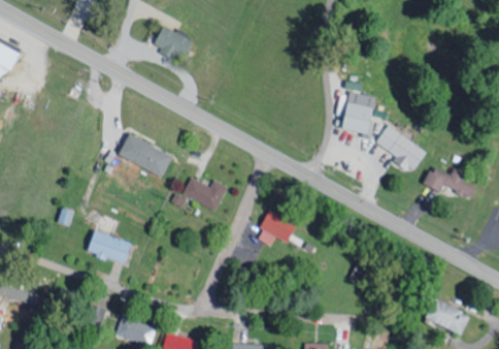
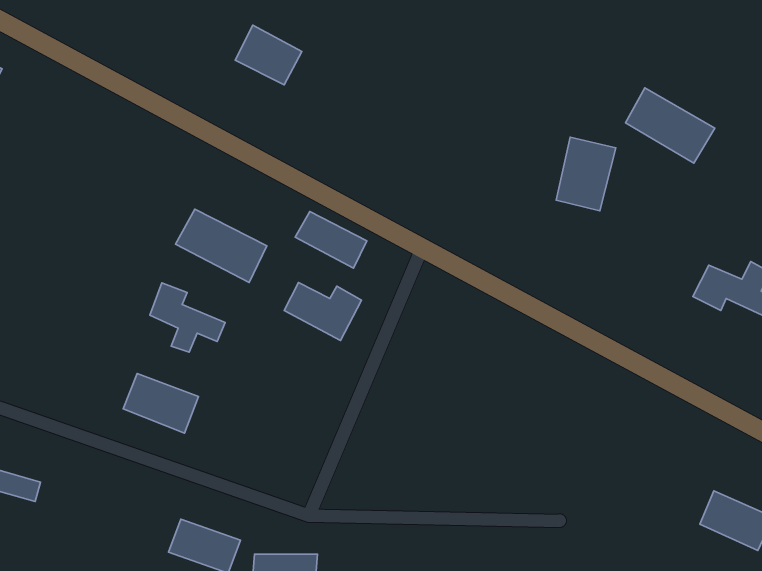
building: [374,126,427,170] -> [625,88,715,163]
building: none -> [295,211,367,268]
building: none -> [150,283,225,352]
building: [257,211,297,246] -> none

